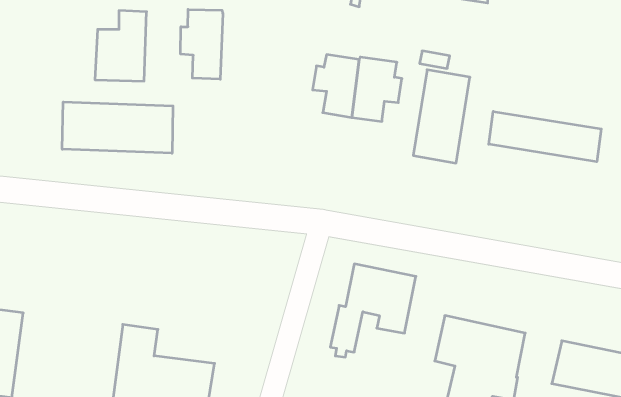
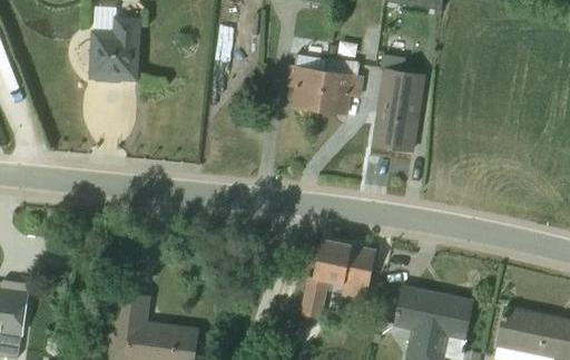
building: [181,9,223,79] -> none
building: [62,102,173,153] -> none
building: [489,111,601,162] -> none

